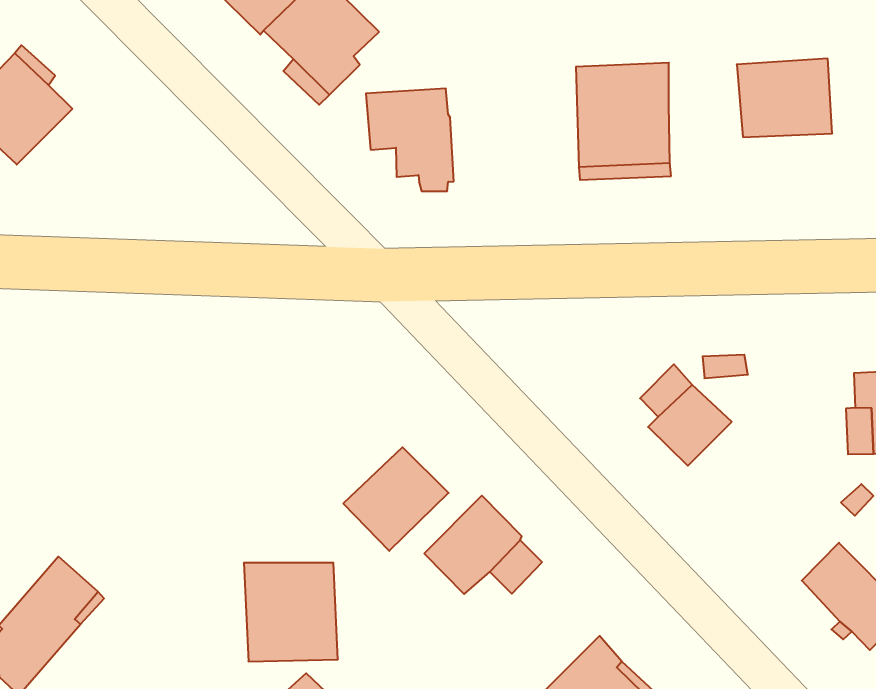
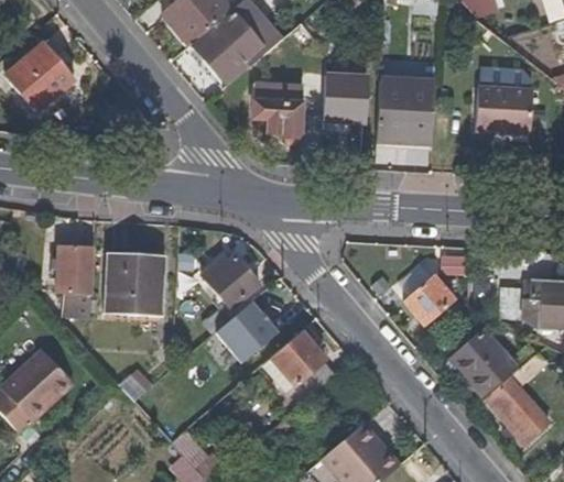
building: none -> [322,74,367,130]
building: none -> [203,255,259,308]
building: none -> [57,241,94,313]
building: none -> [452,330,516,393]
building: [244,563,338,661] -> [108,251,164,314]

